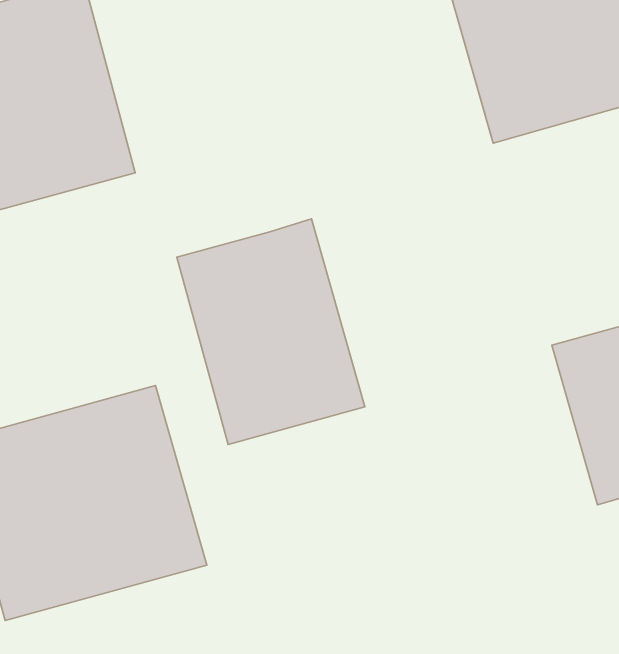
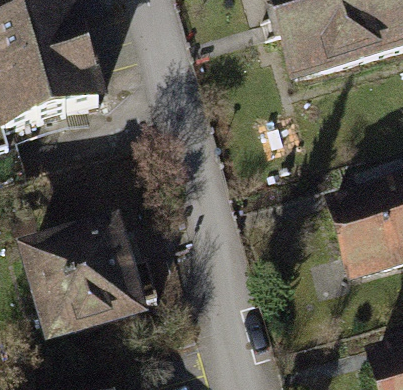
building: [177,219,365,444] -> none

